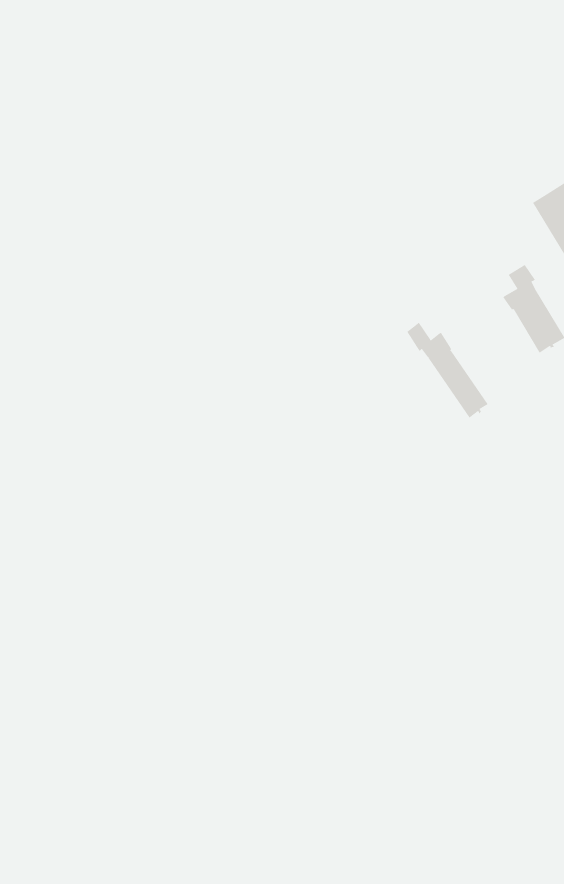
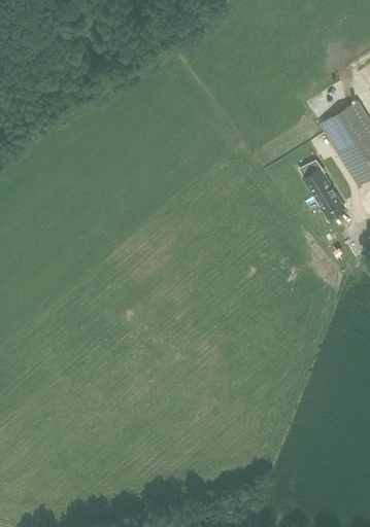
building: [406,322,488,419] -> none

